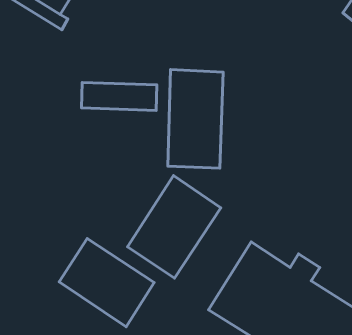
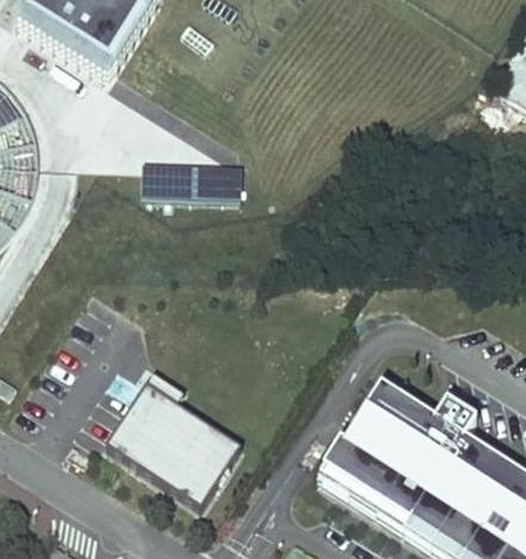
building: [168,69,223,168] -> none
building: [127,176,221,278] -> none

